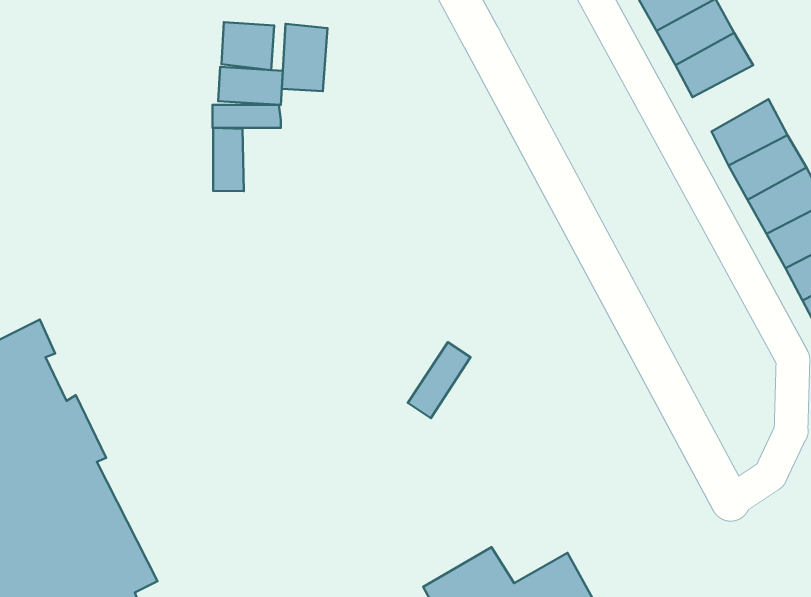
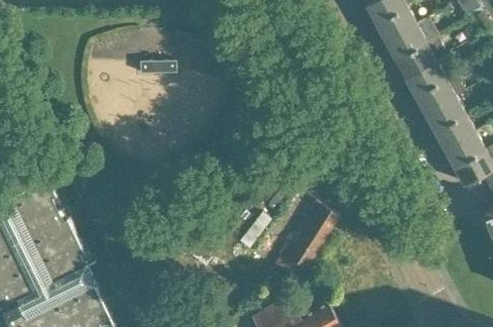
building: [222,22,274,70] -> none
building: [282,24,328,91] -> none
building: none -> [395,37,447,78]
building: [213,128,244,191] -> none
building: none -> [273,204,339,284]

